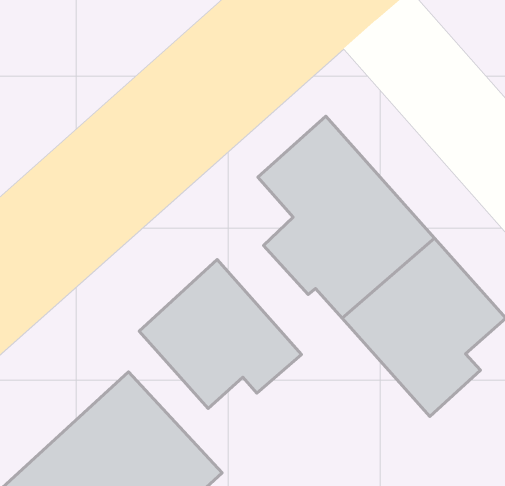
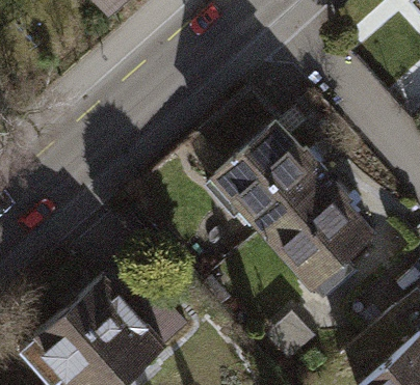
building: [139,260,302,408] -> none

